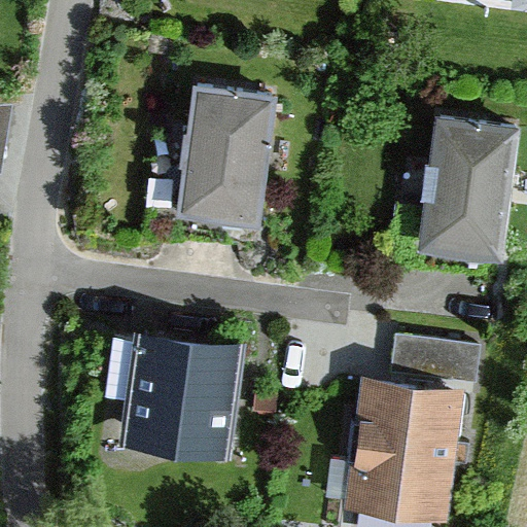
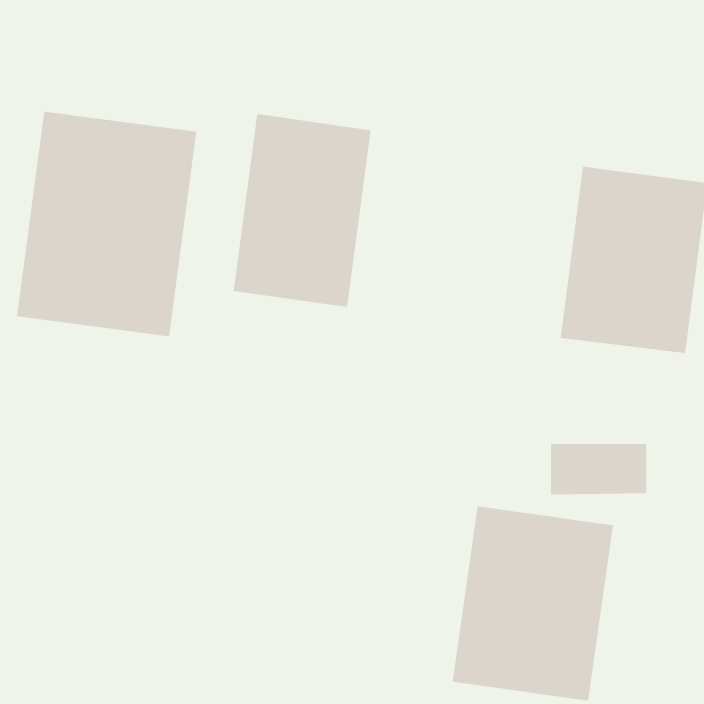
building: none -> [16,111,197,337]
building: [113,332,242,459] -> none

